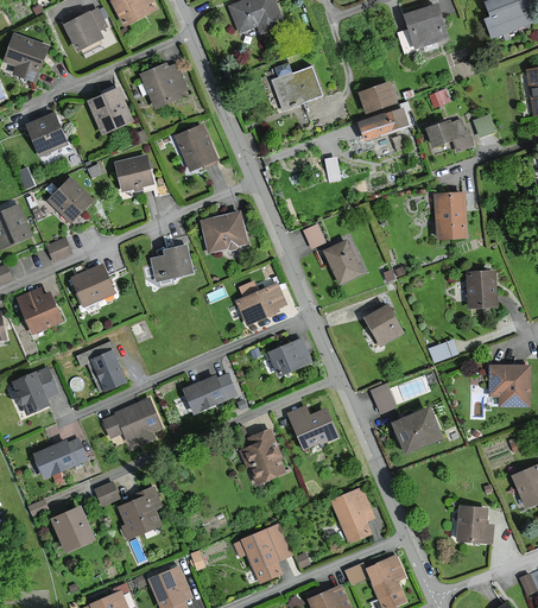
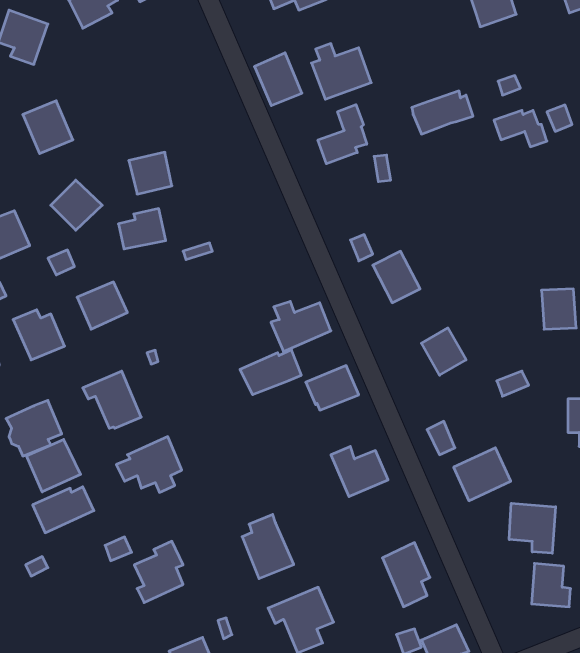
building: [139,64,186,110] -> none
building: [357,82,395,113] -> none
building: [88,88,132,134] -> none
building: none -> [318,105,367,164]
building: [175,125,215,170] -> [254,53,302,106]
building: [435,192,466,239] -> none
building: [200,211,247,253] -> none
building: [151,246,191,280] -> [118,209,166,249]
building: [183,374,235,412] -> [240,350,301,395]
building: none -> [27,439,81,492]
building: [242,430,286,484] -> [242,514,294,579]
building: none -> [509,503,556,553]
building: [50,506,94,551] -> none

